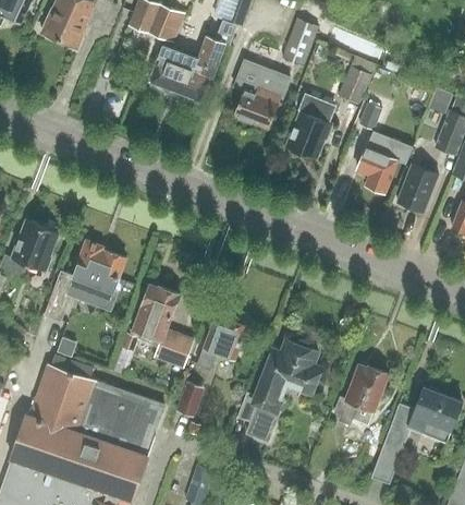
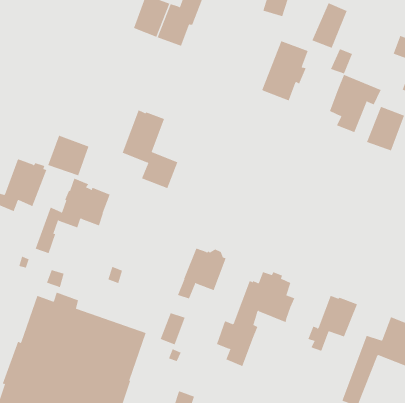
building: [233,61,289,128] -> none
building: none -> [48,135,89,176]
building: [133,284,193,368] -> [122,110,178,189]

